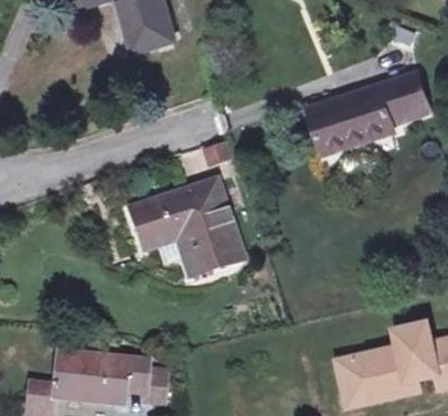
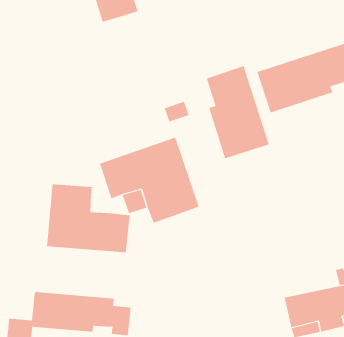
building: none -> [206,65,270,159]
building: none -> [47,183,130,253]

